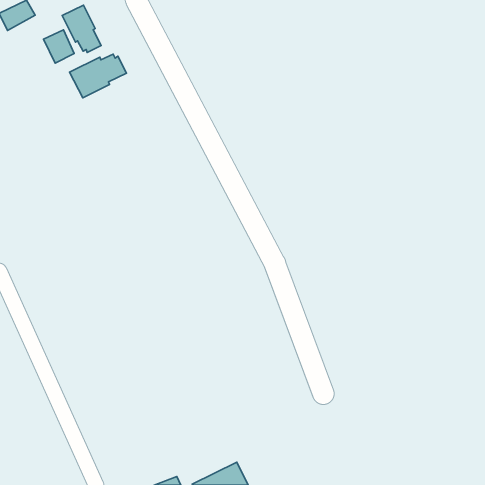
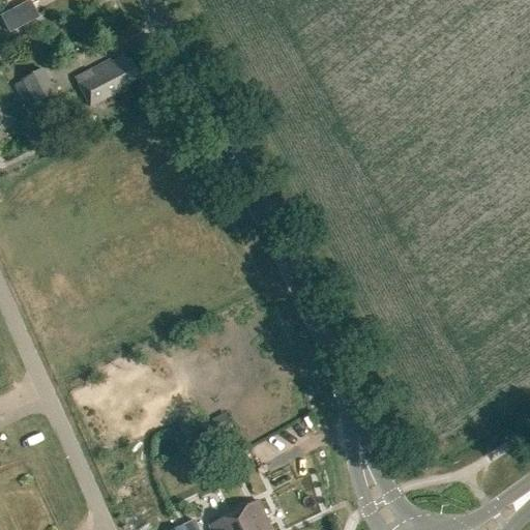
building: [62,5,101,52] -> none
building: [44,30,74,63] -> [20,69,53,106]

